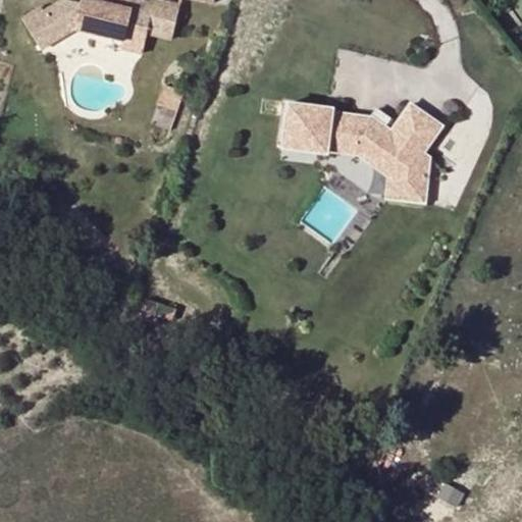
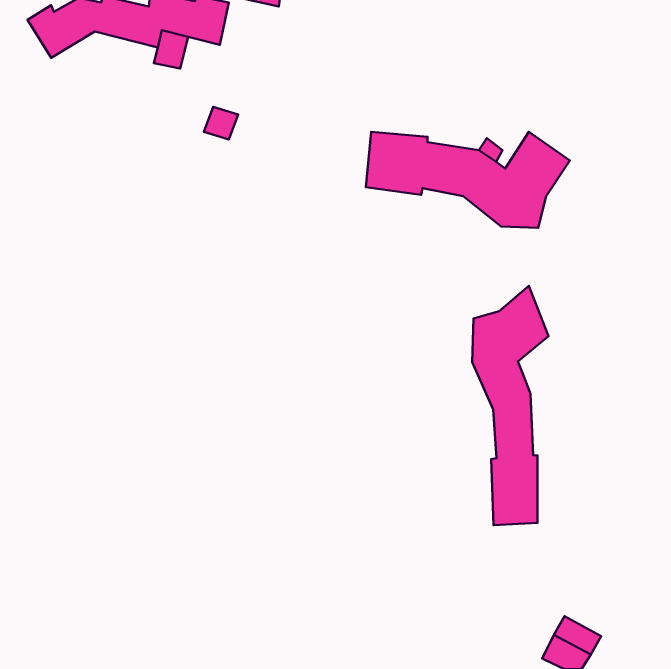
building: [386,152,431,201] -> none
building: none -> [472,286,549,525]

